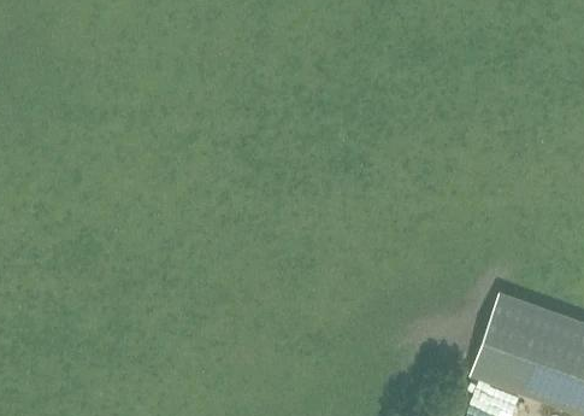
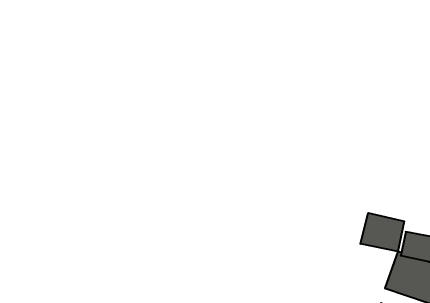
building: none -> [360,213,404,252]

